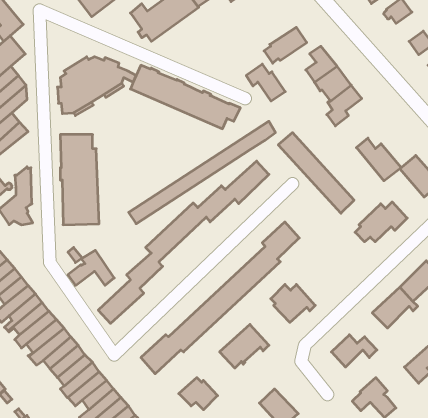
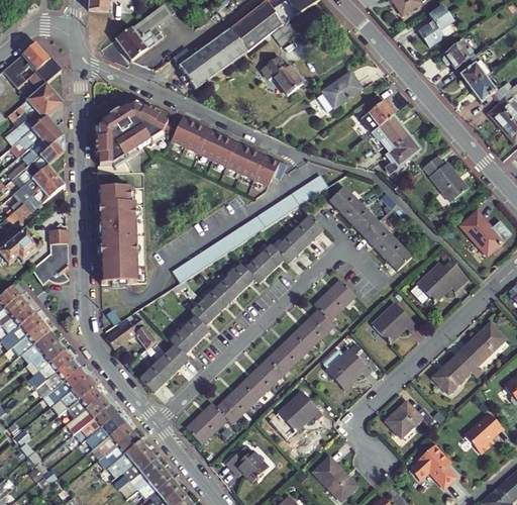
building: none -> [456,54,486,89]
building: [246,64,285,101] -> [262,55,303,94]
building: [356,138,401,181] -> [426,155,474,200]
building: none -> [373,301,416,341]

